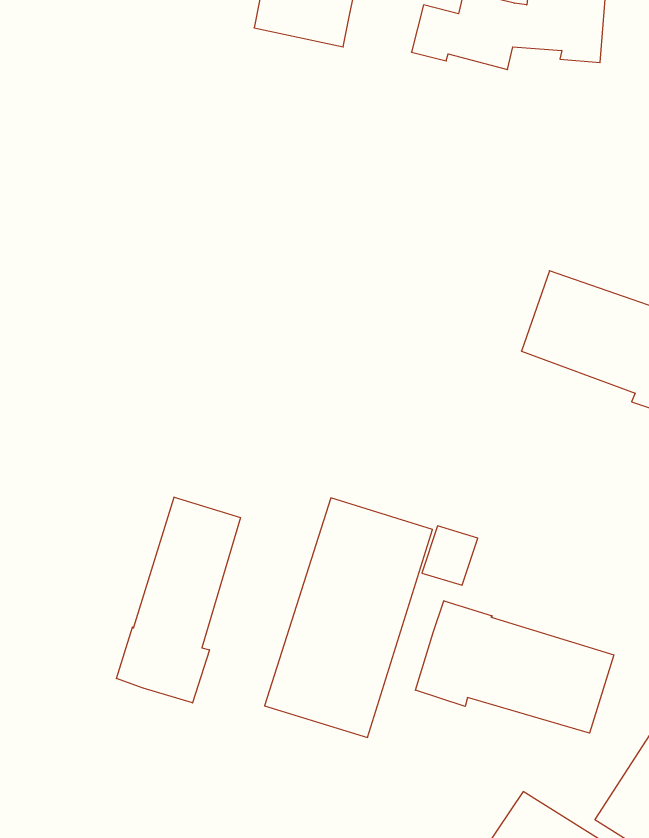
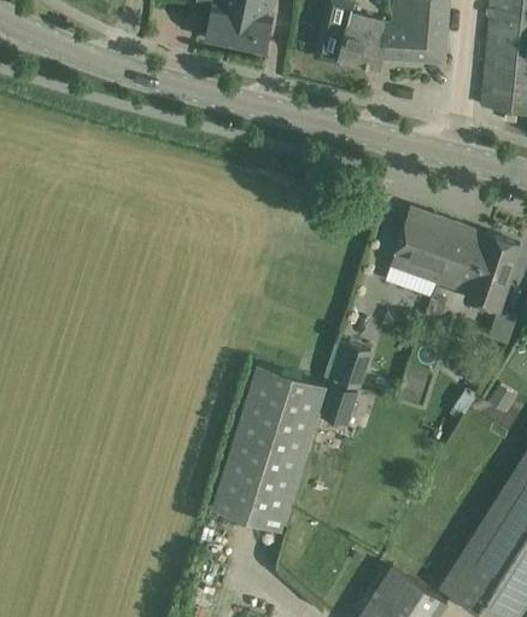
building: none -> [323,340,371,389]
building: [116,497,240,703] -> none
building: [415,601,614,733] -> none

